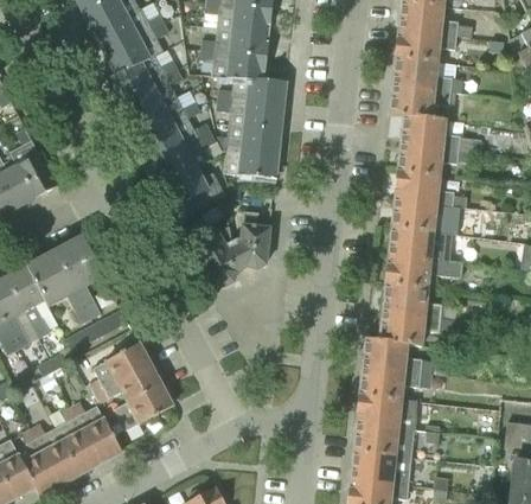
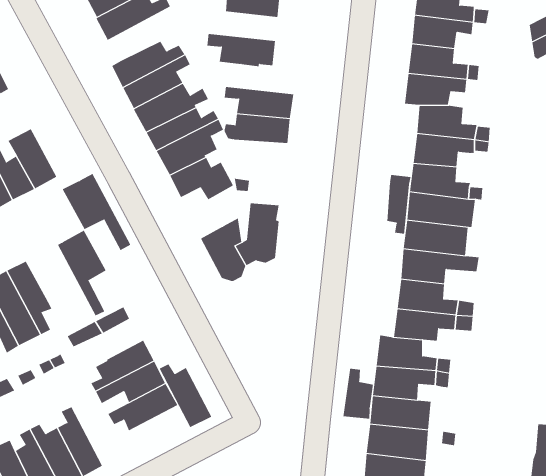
building: [107,21,171,74] -> none
building: [201,26,269,55] -> none
building: [218,77,287,106] -> none
building: [224,149,279,177] -> none
building: none -> [387,174,411,234]
building: [27,250,94,325] -> [62,173,131,251]
building: none -> [343,368,373,419]
building: [71,401,122,462] -> [159,364,212,428]

